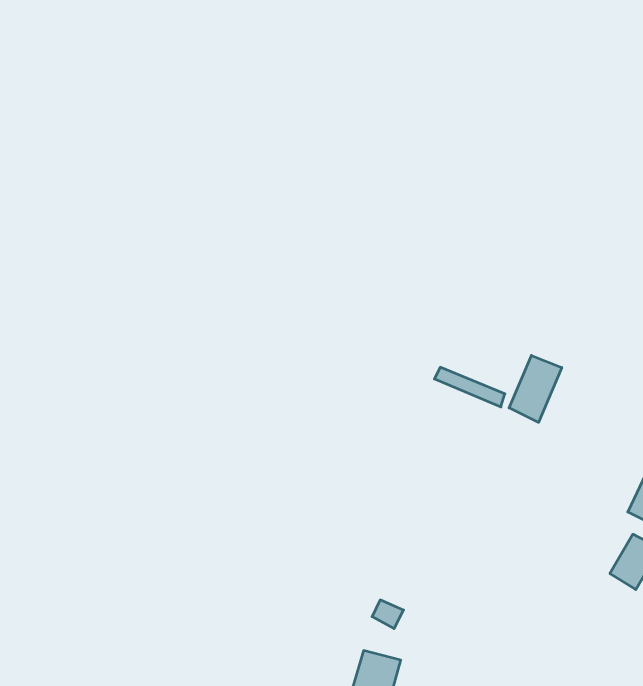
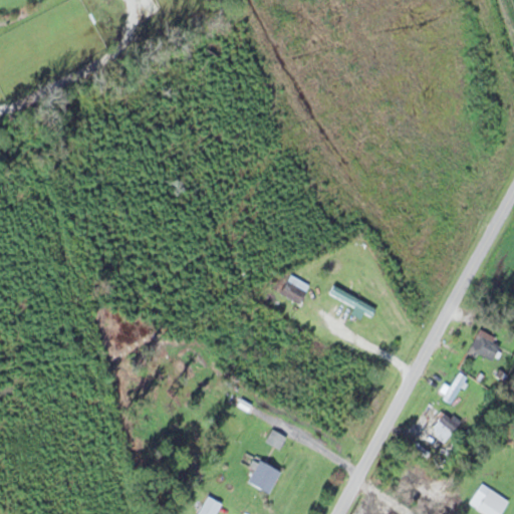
building: [509,355,562,422] -> none
building: none -> [272,274,310,305]

